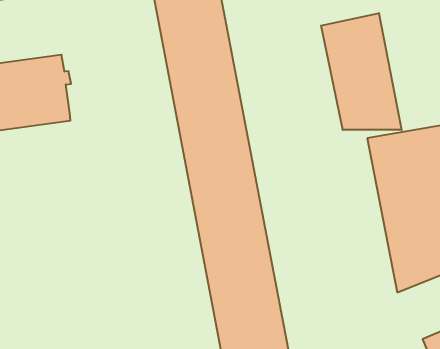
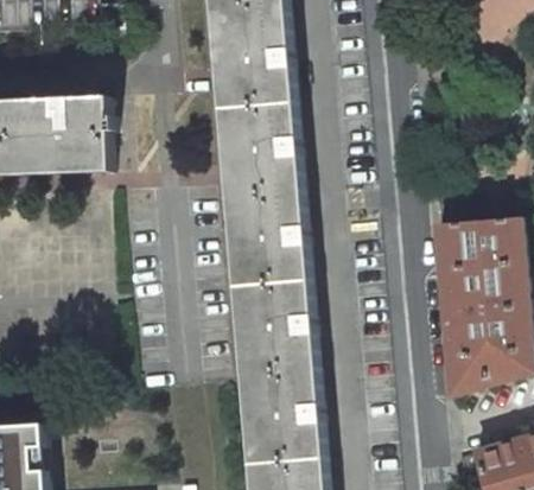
building: [321,13,402,130] -> none

